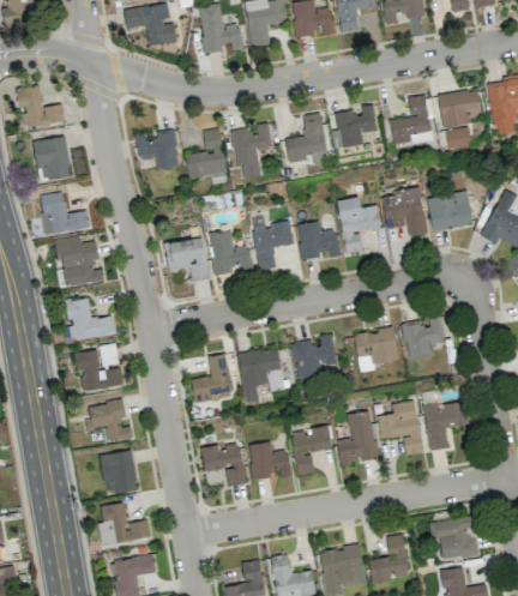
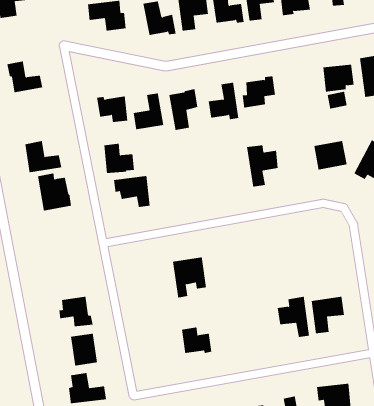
building: [390,95,432,145] -> none
building: [34,137,72,181] -> none
building: [381,191,426,236] -> none
building: [253,221,293,271] -> none
building: [299,222,341,258] -> none
building: [210,231,252,272] -> [104,143,135,174]
building: [66,299,114,341] -> none
building: [403,315,445,360] -> none
building: [354,327,399,372] -> none
building: [291,335,337,379] -> none
building: [74,345,124,391] -> none
building: [191,354,233,403] -> none
building: [337,411,378,466] -> none
building: [290,426,332,475] -> none
building: [201,444,246,486] -> none

